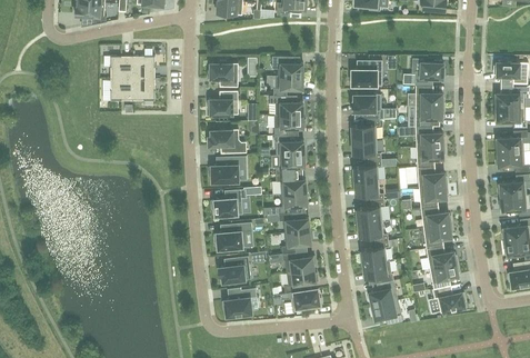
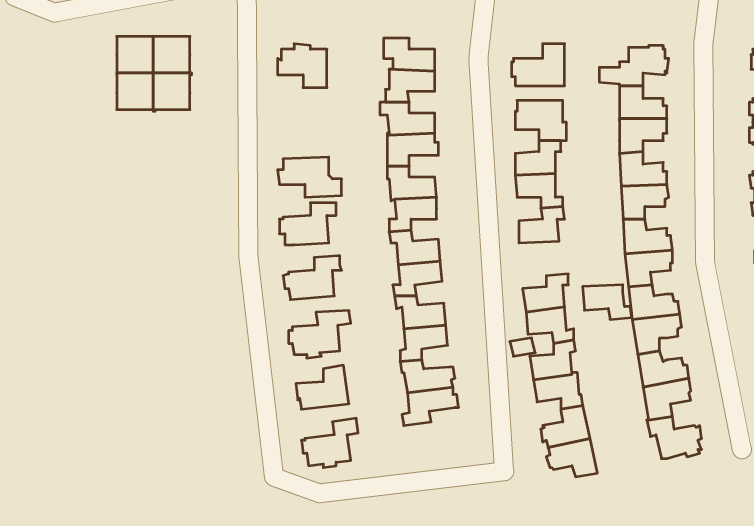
building: [208,91,238,117] -> none
building: [354,180,384,201] -> [583,285,632,319]
building: [272,289,322,310] -> none

